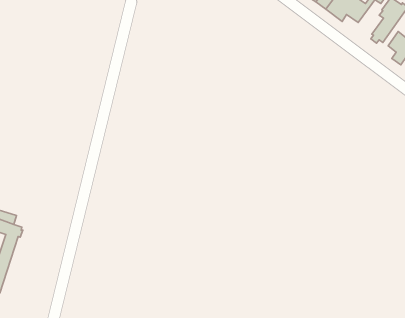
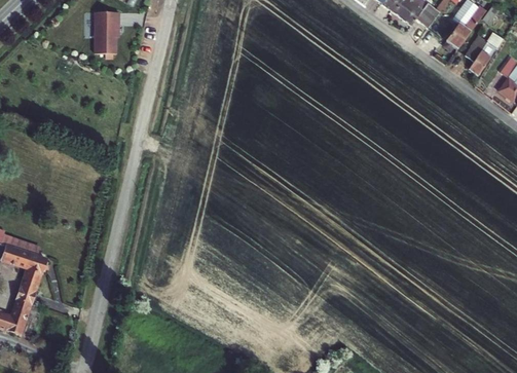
building: none -> [95,12,119,54]

